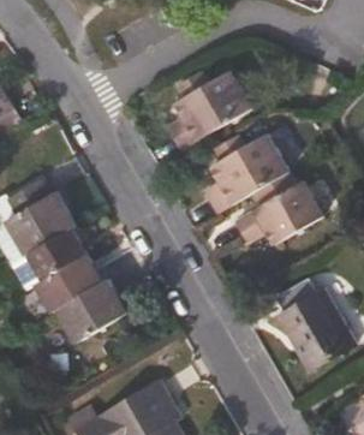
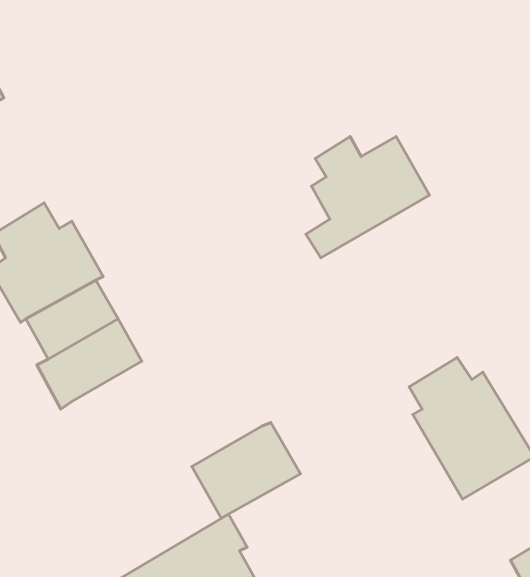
building: [173,71,251,150] -> none
building: [237,173,324,245] -> none
building: [56,279,127,341] -> [192,422,300,518]

